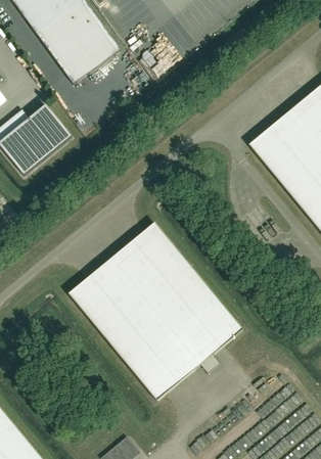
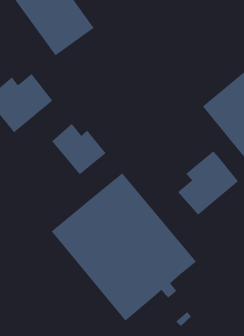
building: none -> [52,123,106,175]
building: none -> [177,151,239,215]

